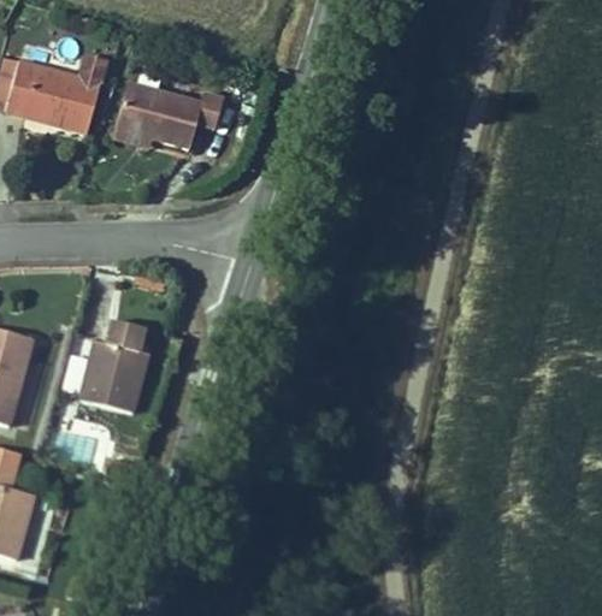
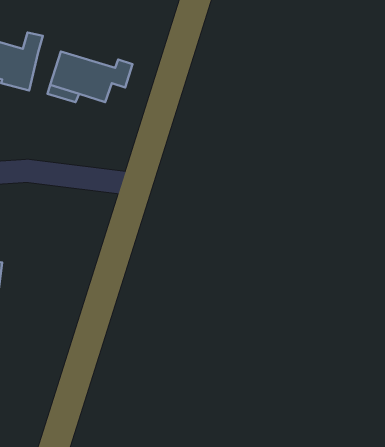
building: [87,322,158,416] -> none

